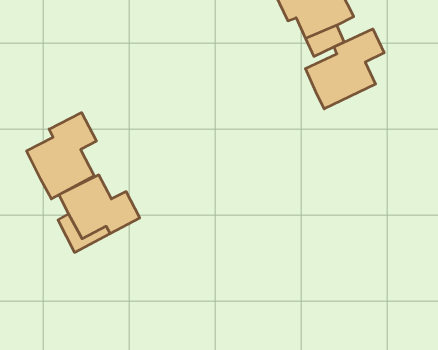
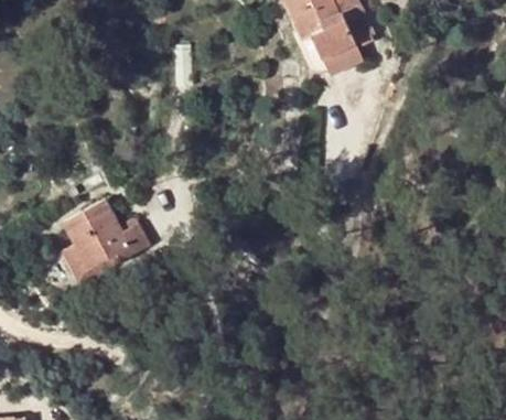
building: [305,29,384,109] -> none
building: [27,113,96,199] -> none

